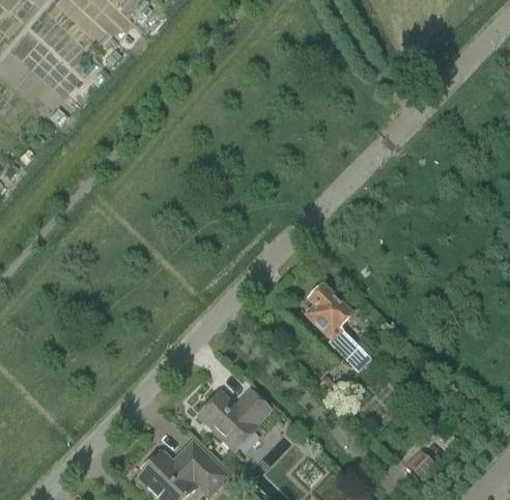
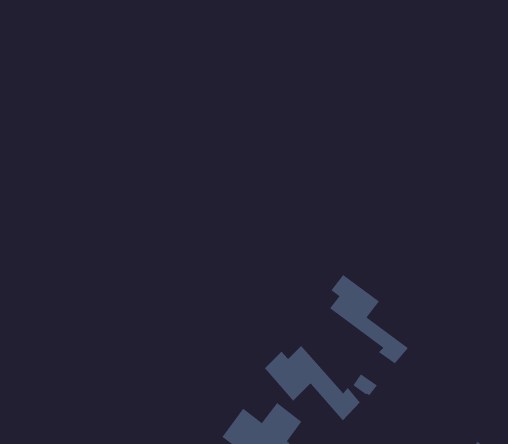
building: none -> [264,345,360,421]

